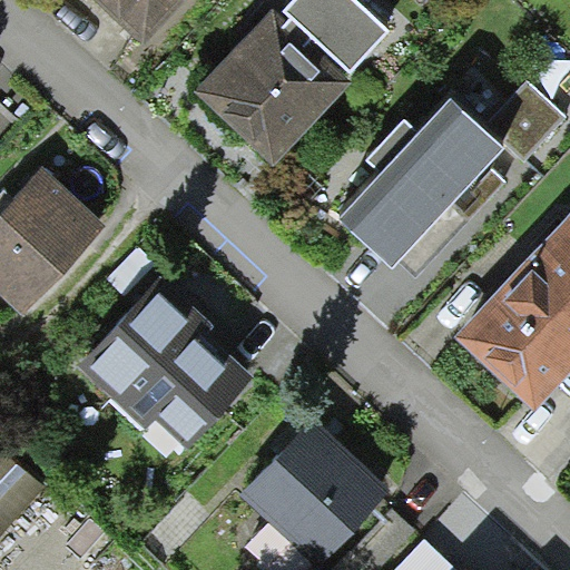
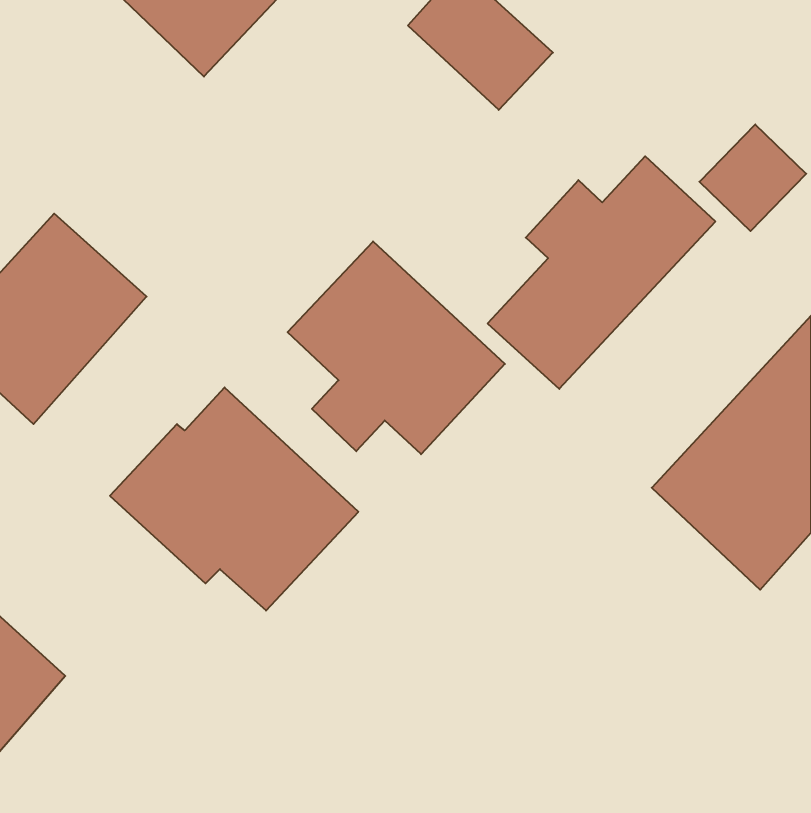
building: [196,21,347,171] -> none
building: none -> [288,241,505,454]
building: [238,407,381,550] -> none

